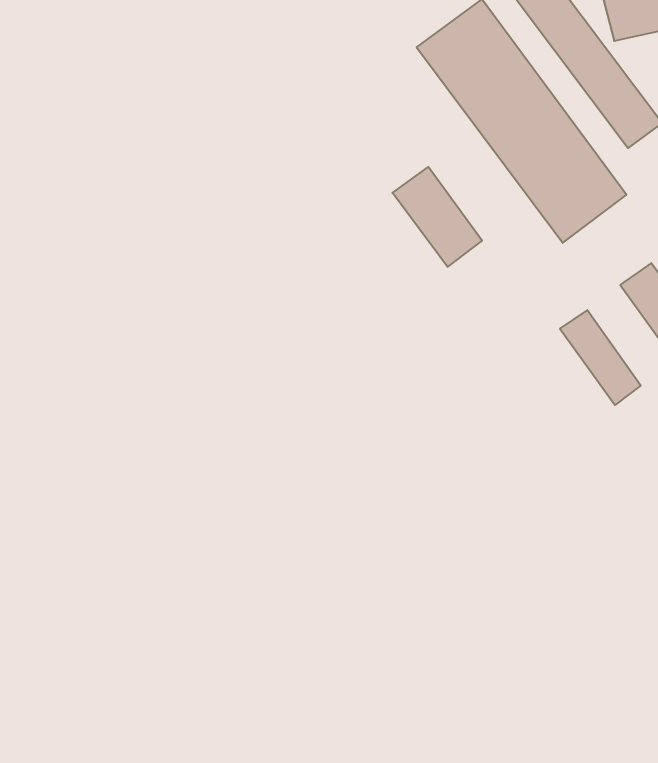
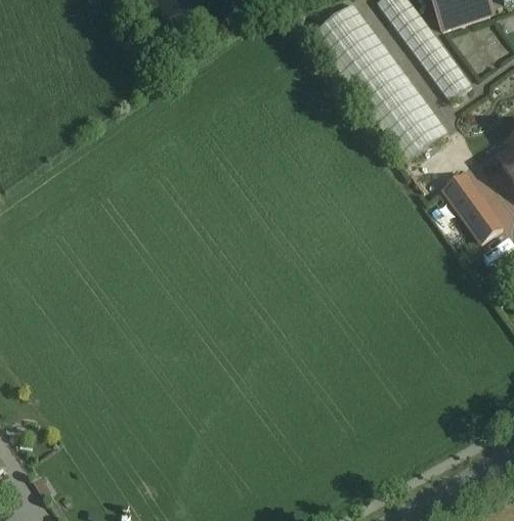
building: [392,167,482,267] -> none
building: [560,310,641,405] -> none

